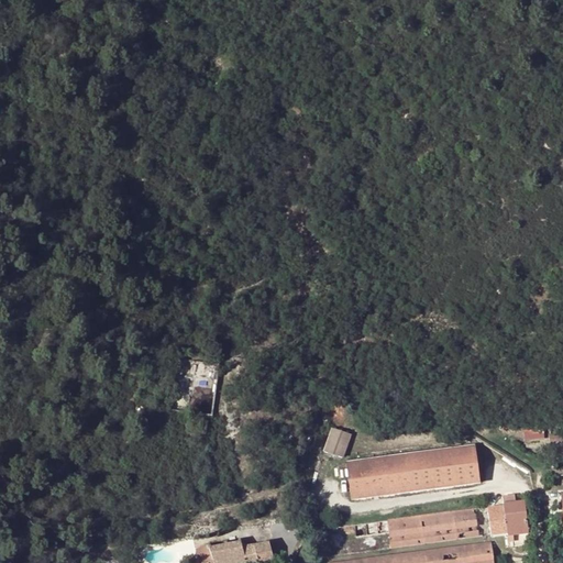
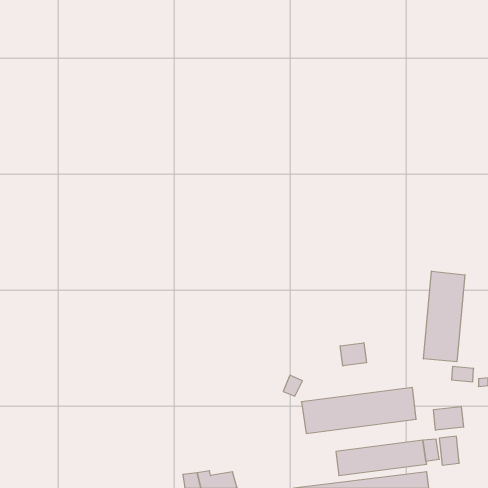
building: none -> [424,271,465,362]
building: none -> [340,343,366,366]
building: none -> [433,407,463,430]

